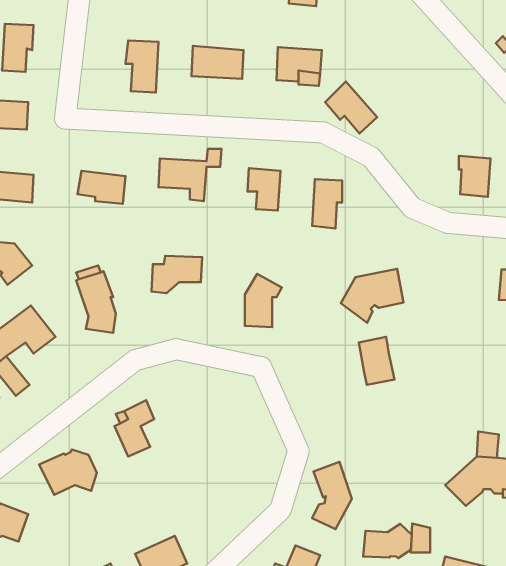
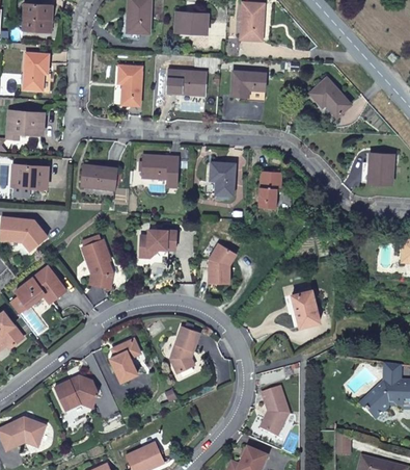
building: [325,81,377,134] -> [310,77,350,116]
building: [341,269,404,323] -> none
building: none -> [168,323,199,372]
building: [363,524,412,558] -> none

